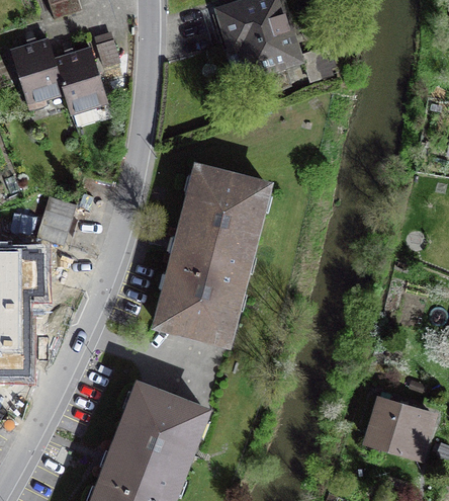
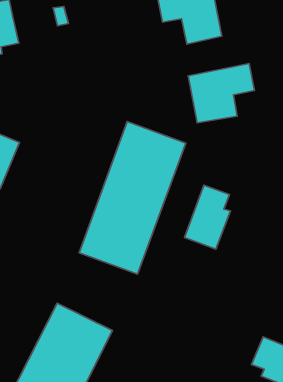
building: [54,47,106,122] -> none
building: none -> [188,64,254,123]
building: none -> [184,185,230,249]

